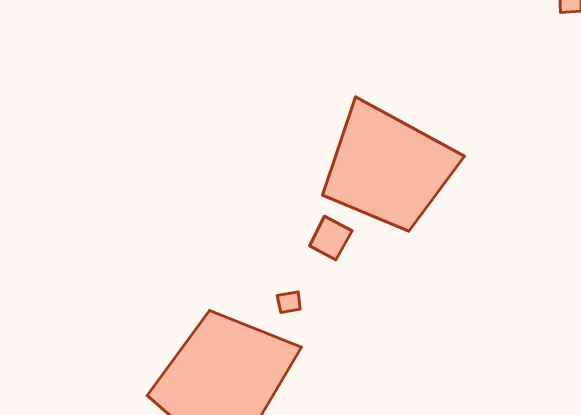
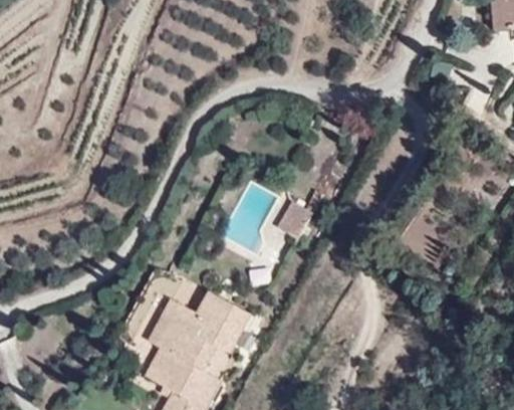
building: [323,97,465,231] -> none

